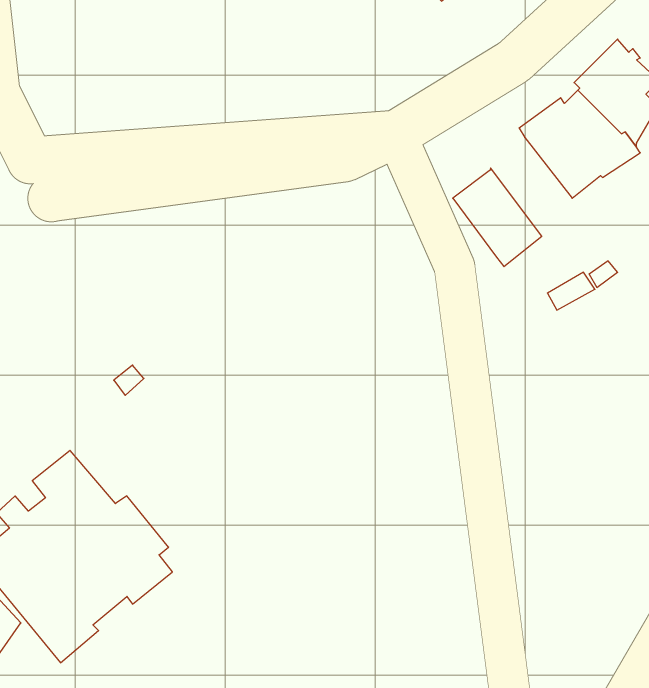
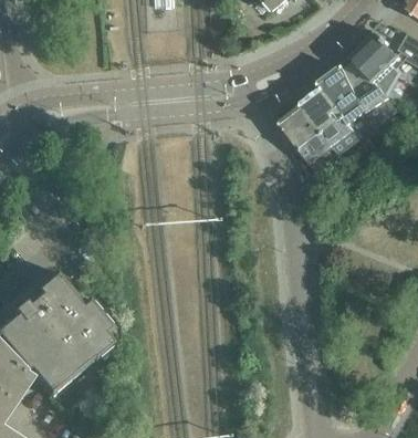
building: none -> [299,88,359,155]

